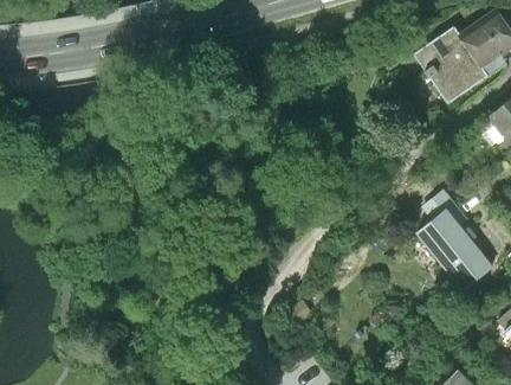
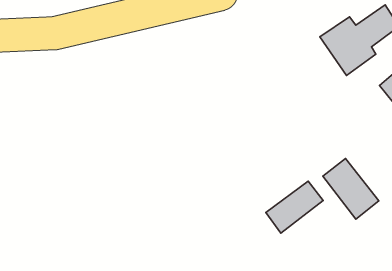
building: none -> [266,181,323,233]

